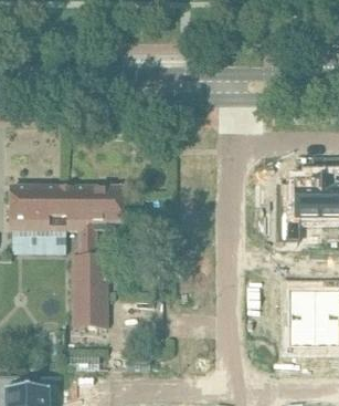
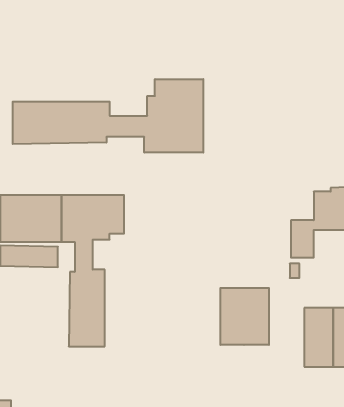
building: none -> [13,79,203,153]
building: none -> [220,288,269,345]

